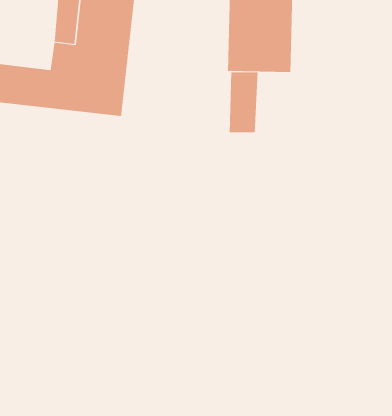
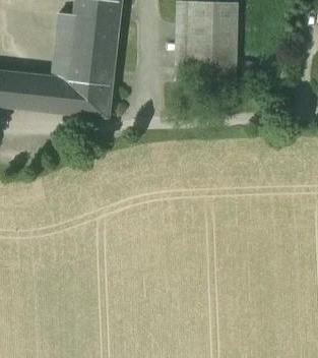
building: [229,71,258,133] -> none

